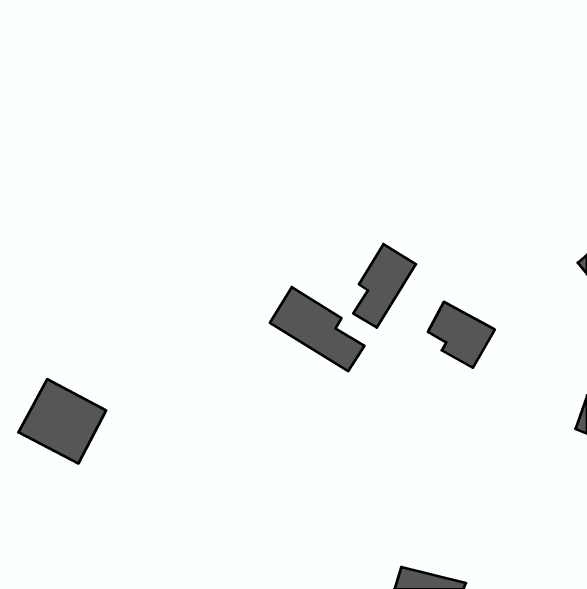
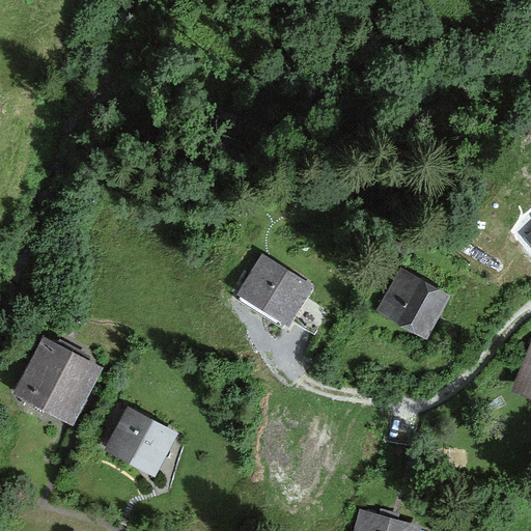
building: [353,244,416,328] -> none
building: none -> [106,411,169,469]

